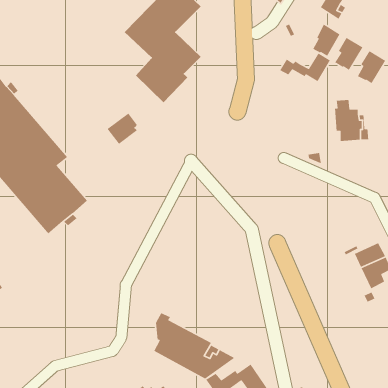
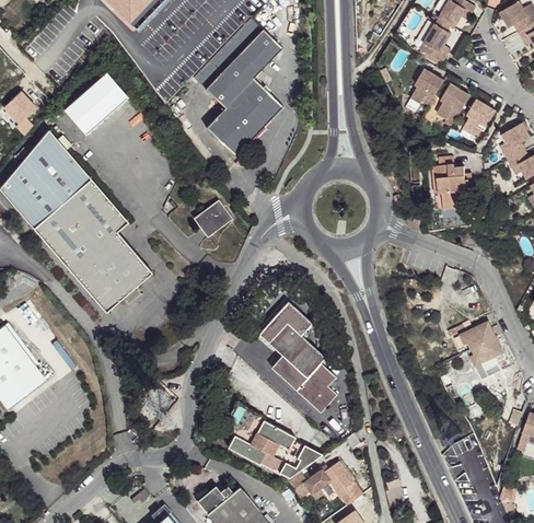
building: none -> [65,73,127,136]
building: [279,52,331,82] -> none
building: [107,113,138,145] -> [193,200,229,237]
building: none -> [257,301,336,411]

